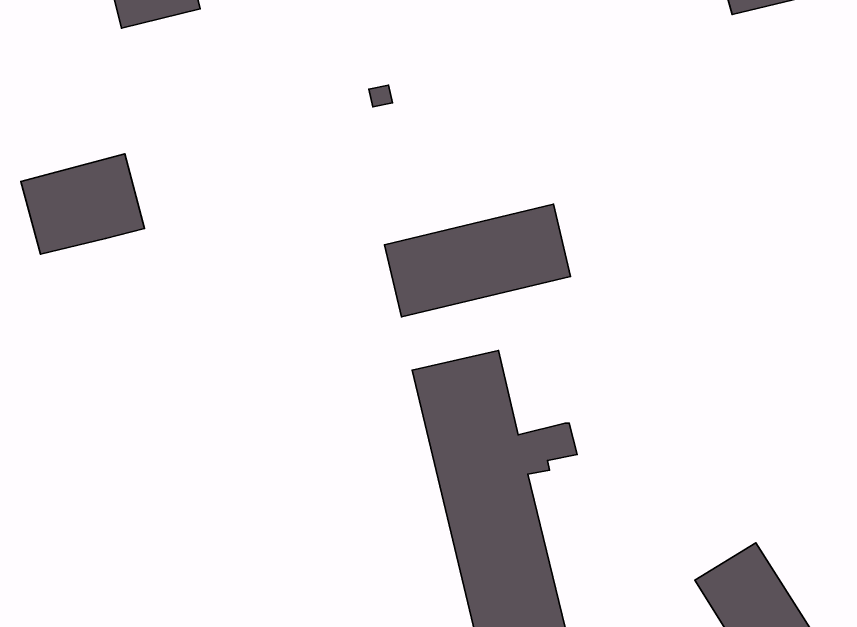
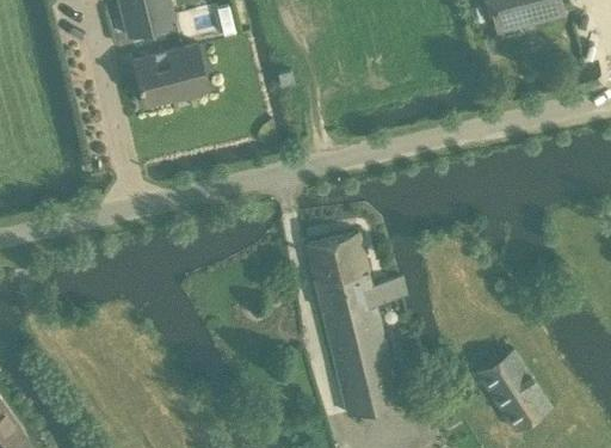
building: [21,154,145,254] -> [134,45,209,106]
building: [384,204,570,317] -> none

